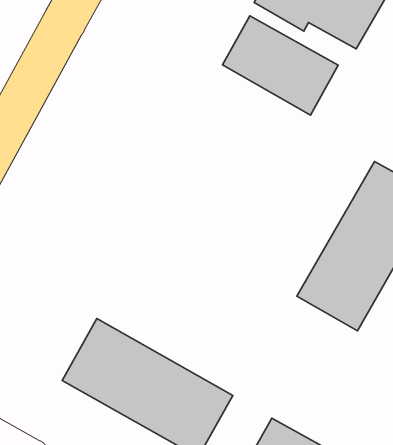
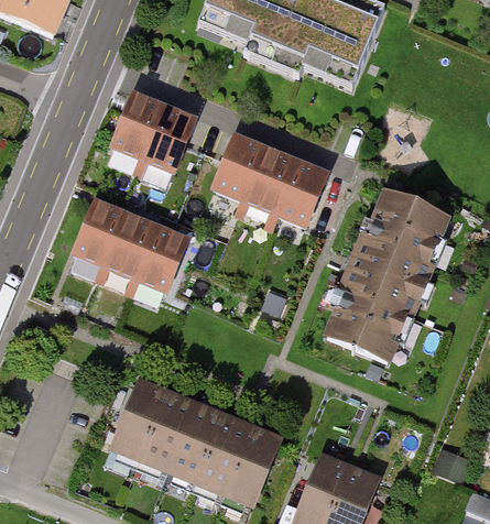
building: [222,16,338,115] -> [213,133,325,222]
building: none -> [112,92,193,167]
building: none -> [69,199,185,287]

